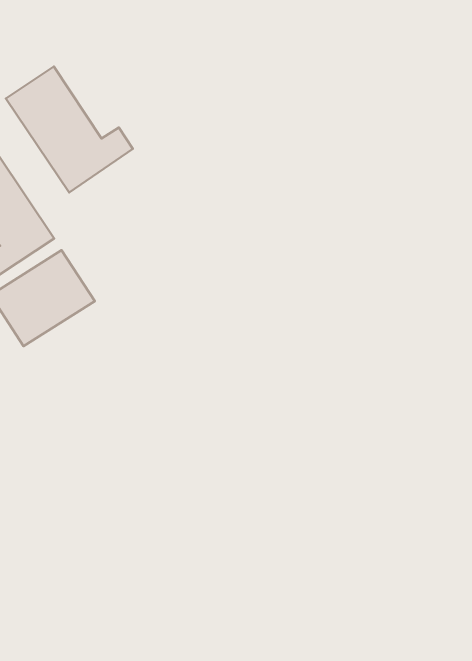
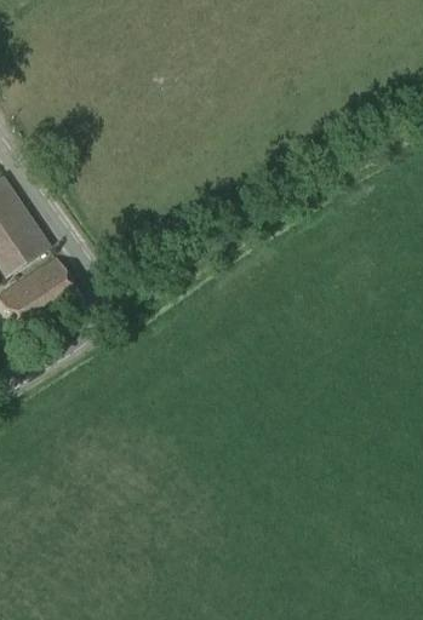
building: [6,67,133,193] -> none

